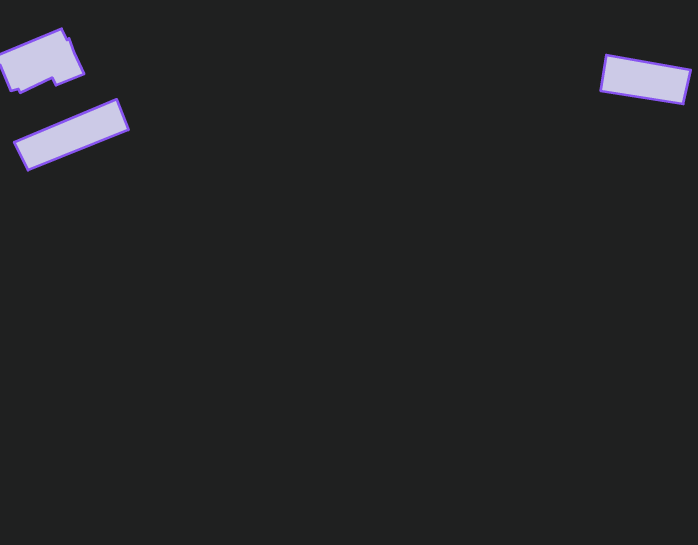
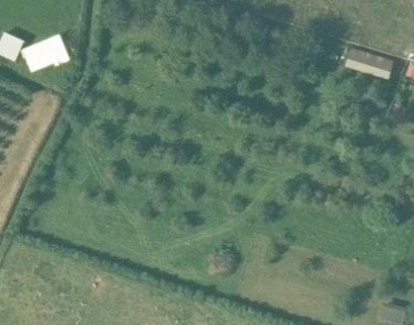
building: [14,99,128,170] -> none

